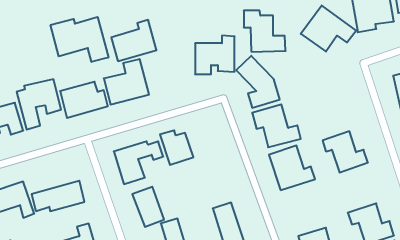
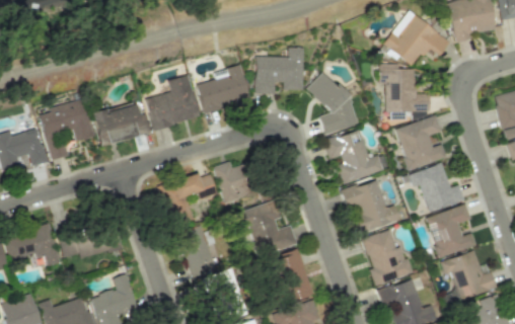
building: [244,11,286,52] -> [379,64,430,113]
building: [51,17,108,62] -> none
building: [111,20,157,61] -> [196,65,250,114]
building: none -> [395,116,446,170]
building: none -> [236,201,298,256]
building: none -> [426,205,476,258]
building: none -> [361,230,412,286]

